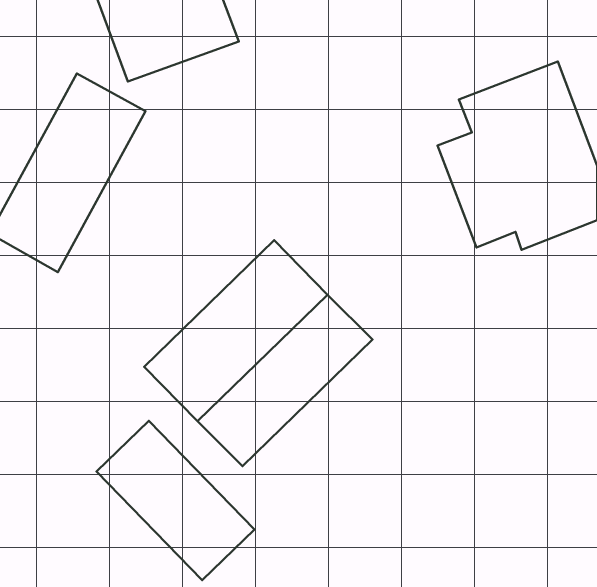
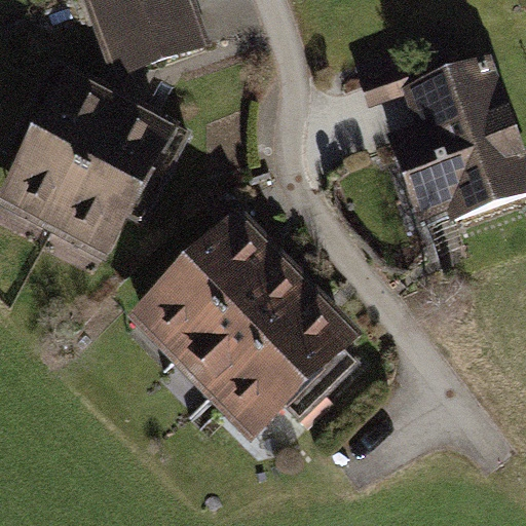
building: none -> [50,97,180,264]
building: none -> [211,295,363,445]
building: [96,421,254,580] -> none

